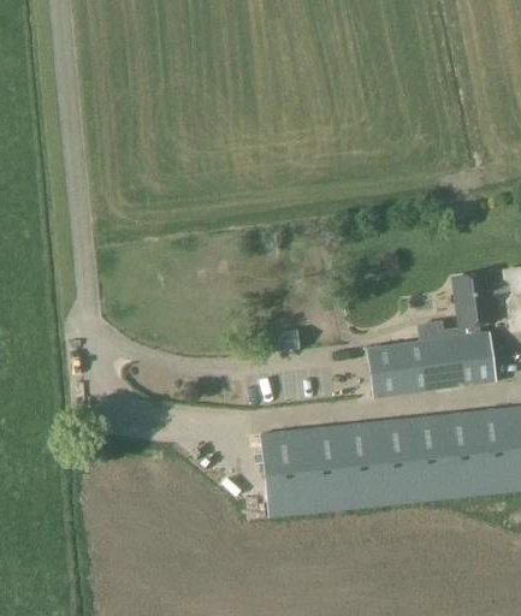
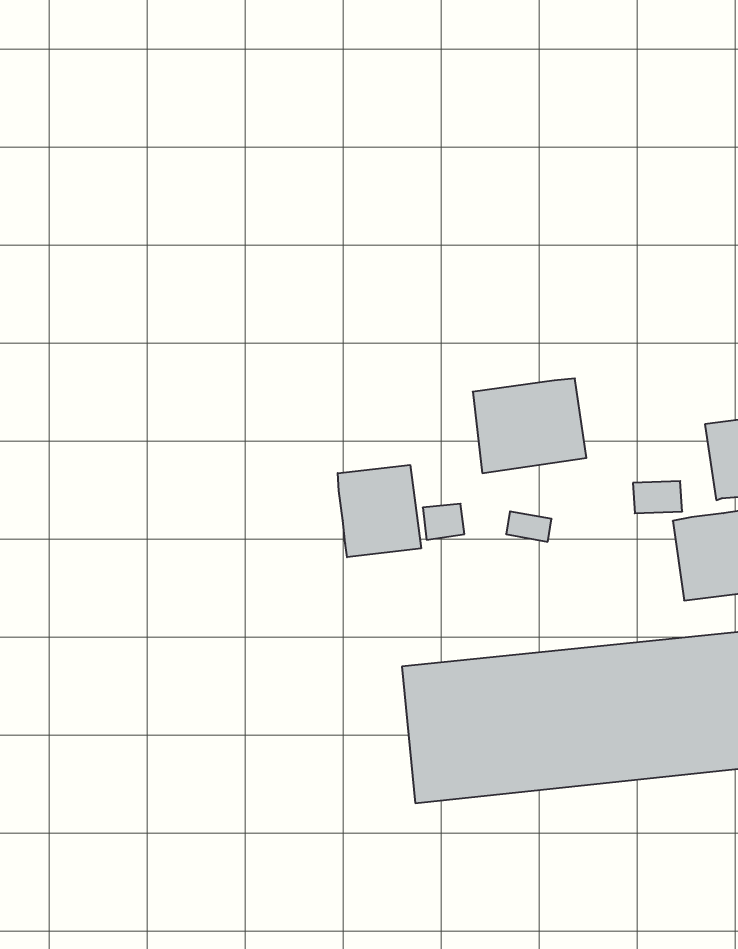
building: none -> [338,465,421,557]
building: [368,338,440,398] -> [473,378,586,473]

